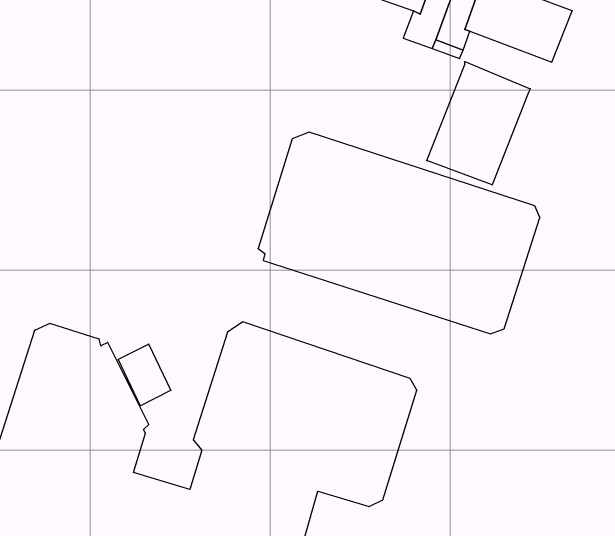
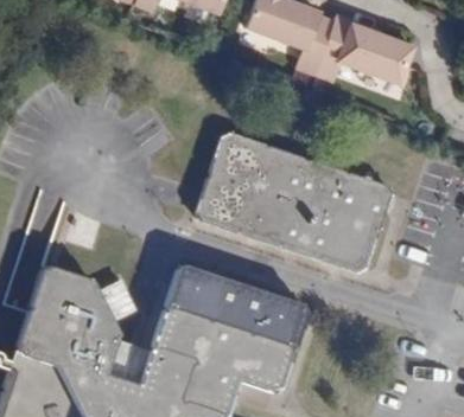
building: [427,62,530,185] -> none
building: none -> [109,341,157,380]

